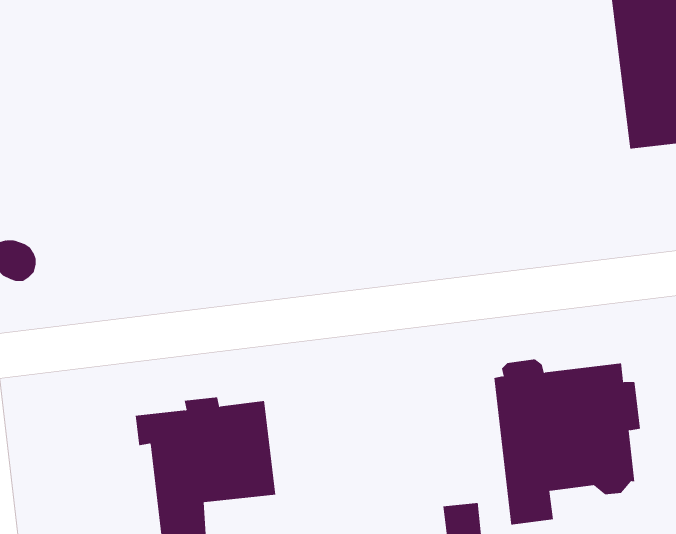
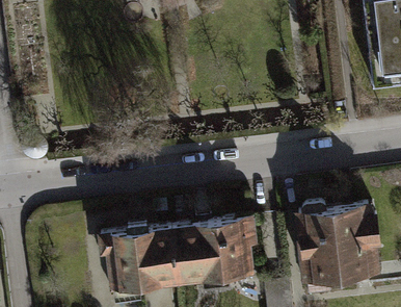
building: none -> [173,215,255,288]

